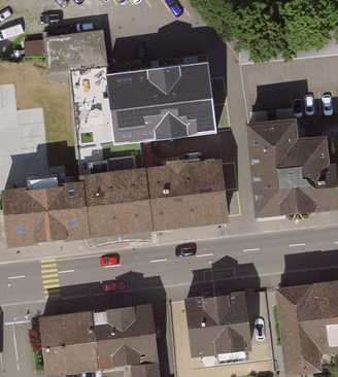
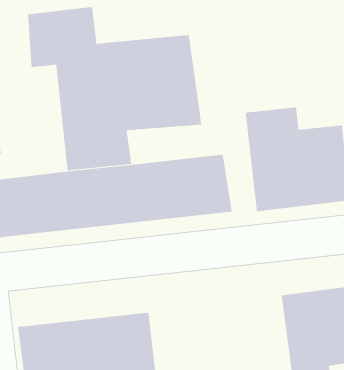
building: [182,296,255,353] -> none

